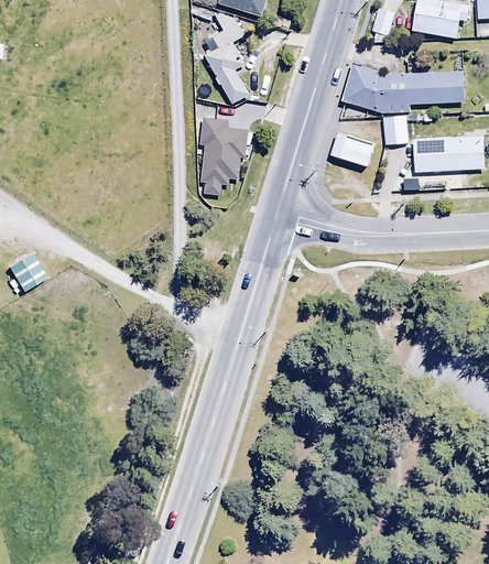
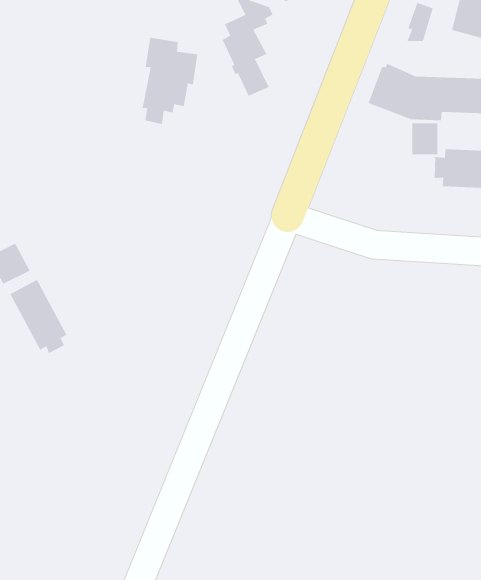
building: [200,117,248,195] -> [142,37,198,124]
building: [330,131,374,166] -> none
building: none -> [10,279,67,354]

